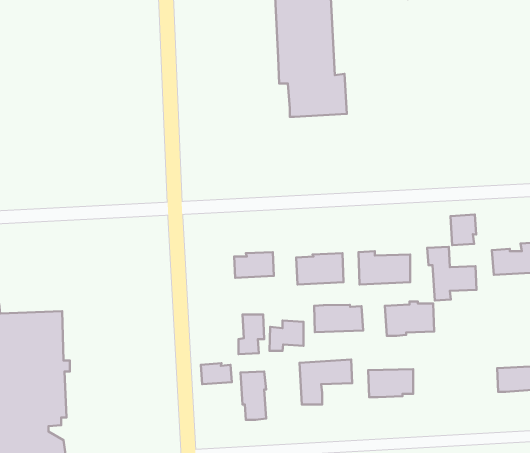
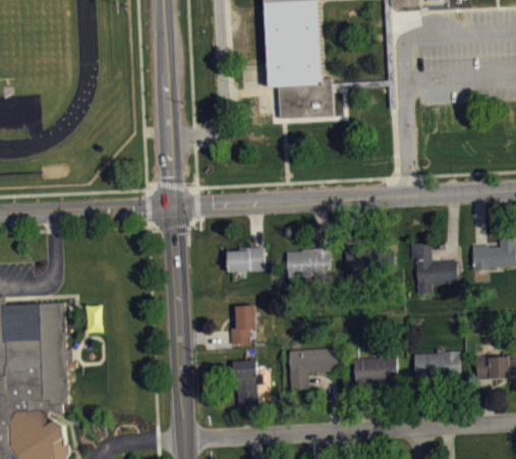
building: [450,215,476,245] -> none
building: [385,301,434,336] -> [412,349,459,382]
building: [314,305,363,332] -> none
building: [269,321,304,351] -> none
building: [201,363,232,384] -> none

